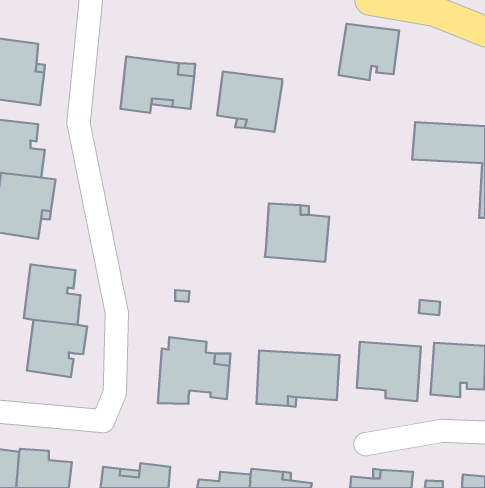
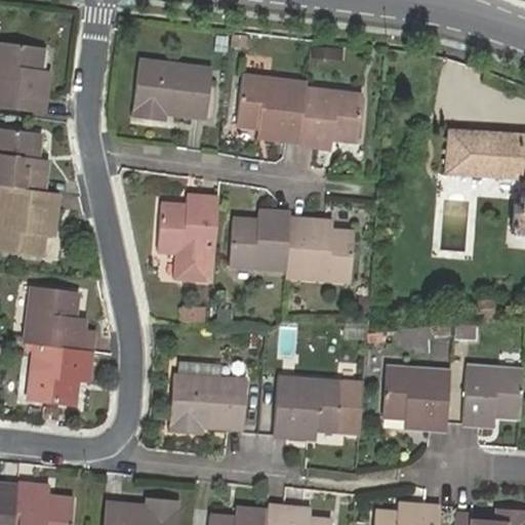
building: [339,24,399,80] -> [294,89,359,150]
building: none -> [156,194,216,279]
building: none -> [229,210,288,269]

